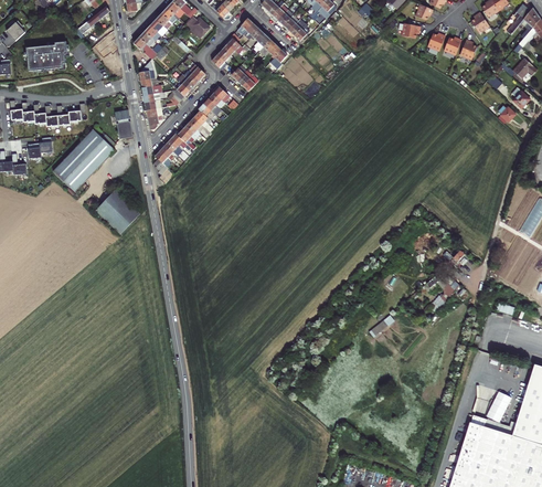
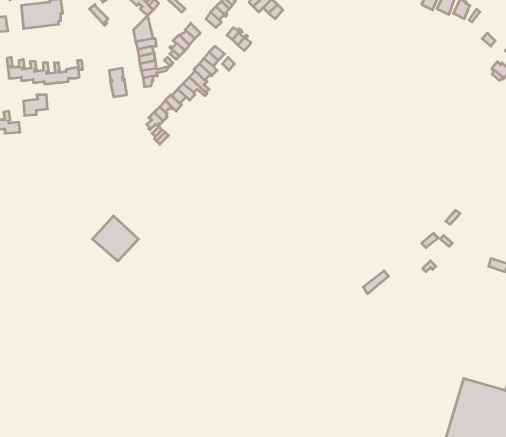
building: [51,128,113,192] -> none
building: [99,190,146,235] -> [92,216,139,261]

